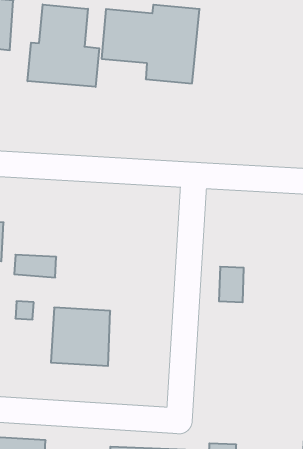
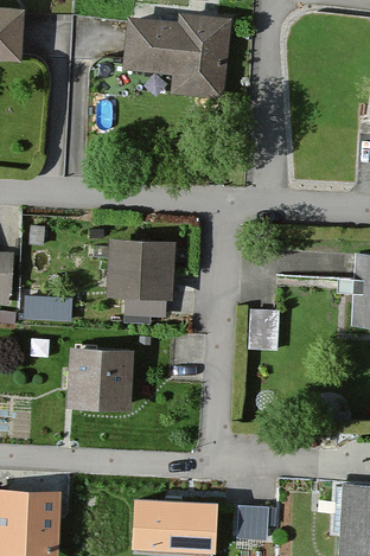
building: [28,4,99,87] -> none
building: none -> [111,238,176,299]

